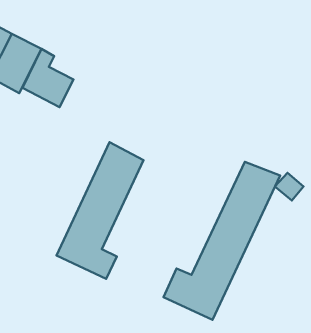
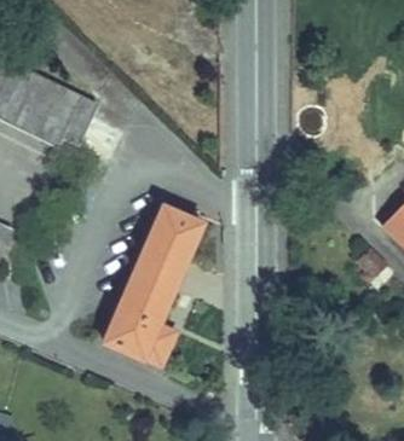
building: [163,162,280,320] -> none

